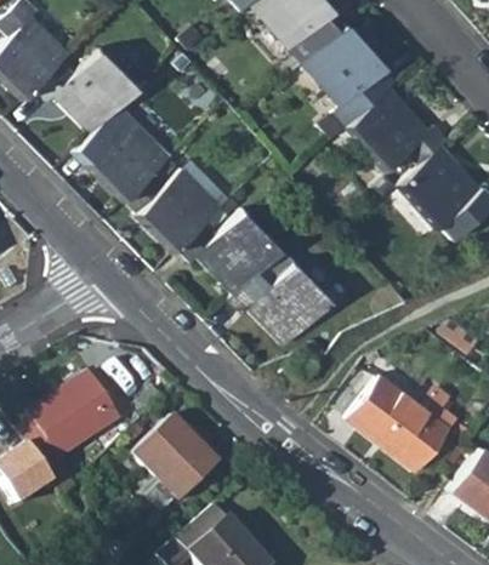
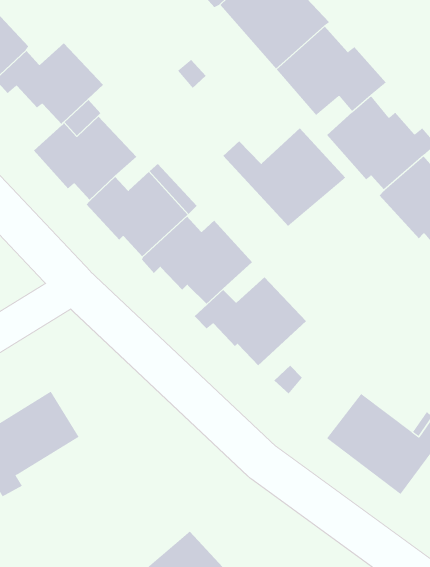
building: none -> [223,128,346,227]
building: [130,415,214,500] -> none

